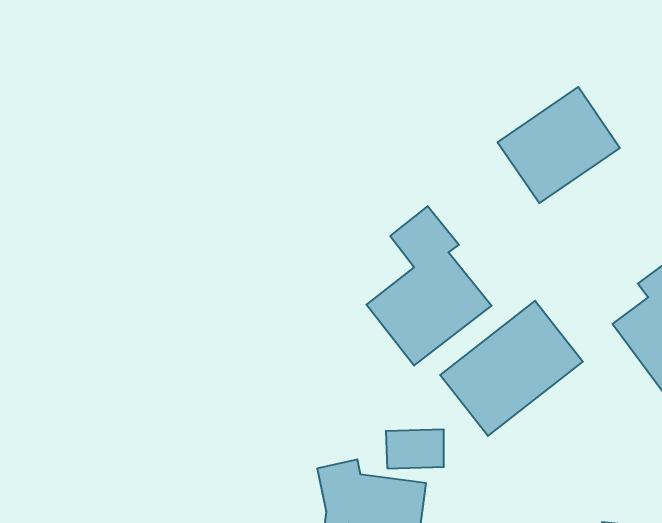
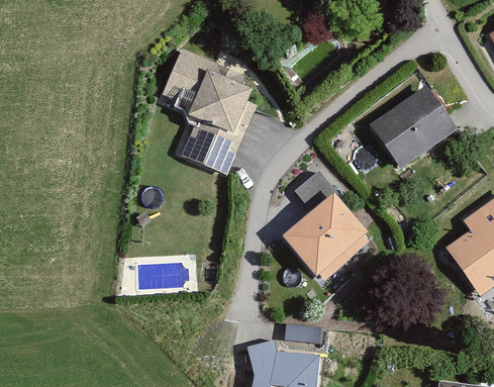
building: none -> [164,49,258,177]
building: [440,301,583,436] -> none

